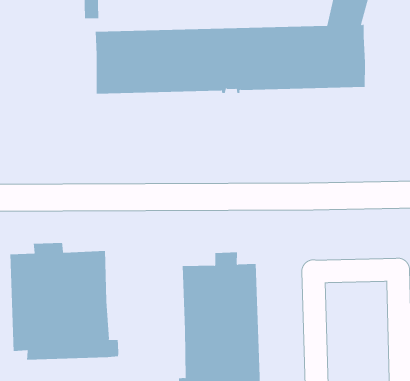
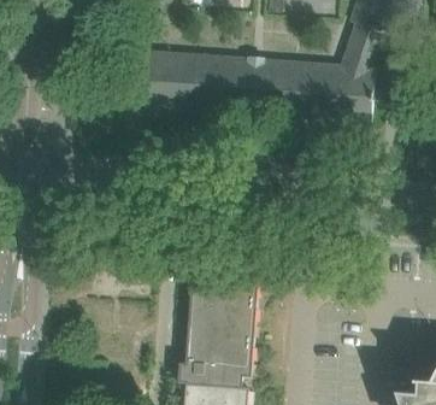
building: [10,242,119,360] -> none

